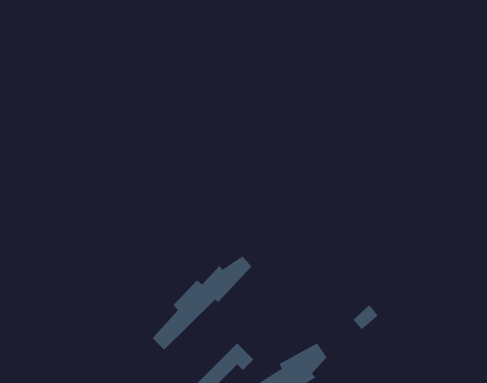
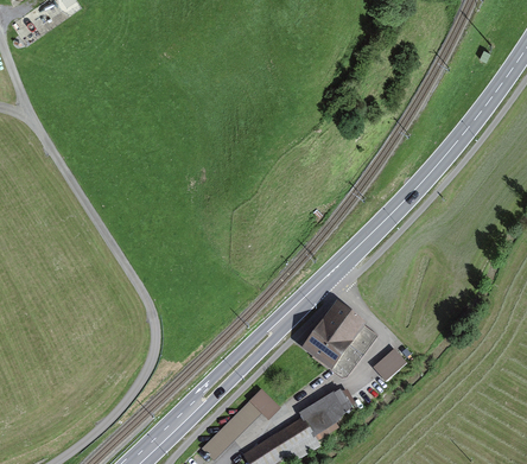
building: [152,255,252,350] -> none
building: none -> [307,301,363,362]

